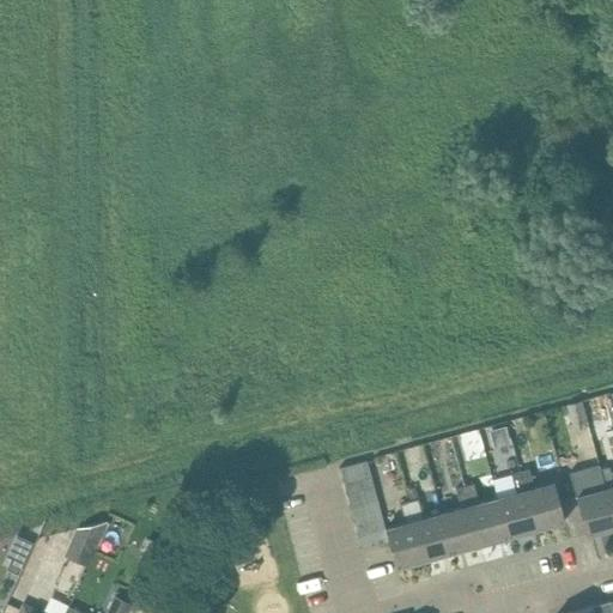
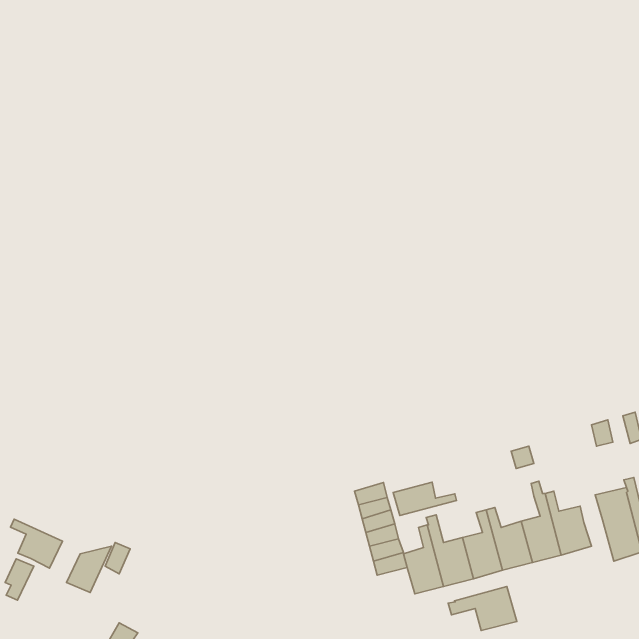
building: none -> [393,482,457,516]
building: none -> [10,519,62,568]
building: none -> [448,586,517,631]

